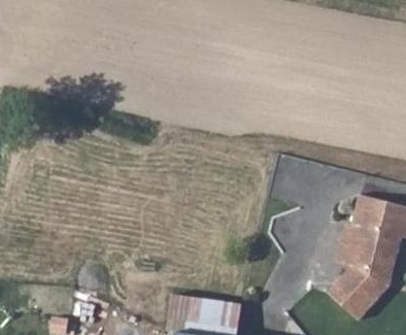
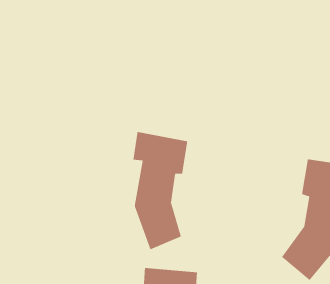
building: none -> [133,131,188,250]

